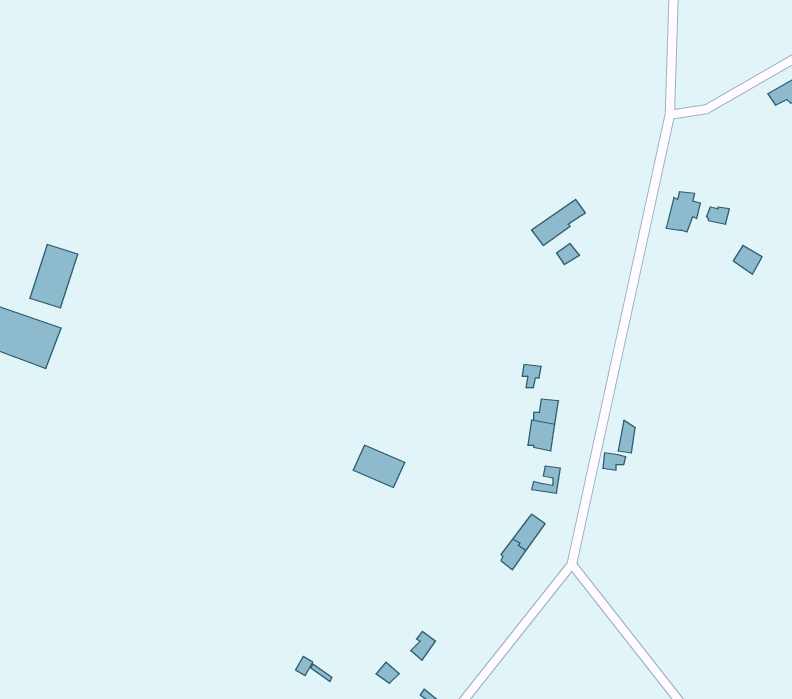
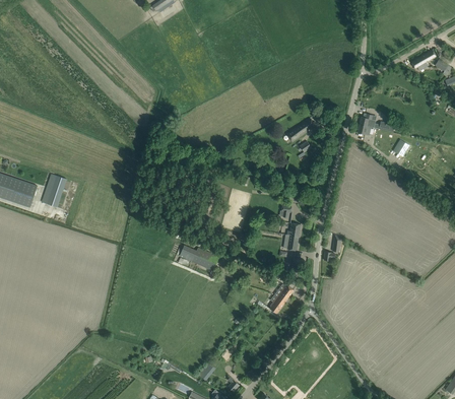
building: [30,245,78,308] -> [42,174,67,207]

